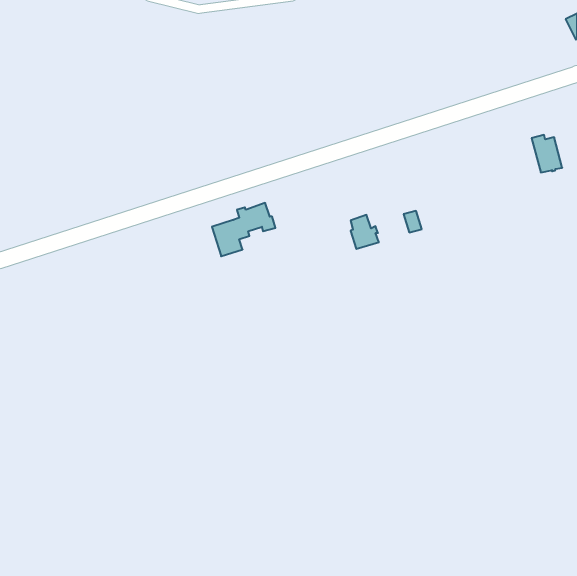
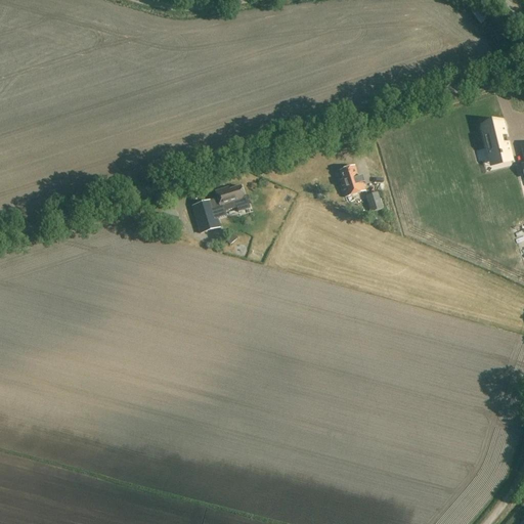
building: [351,215,379,249] -> [339,164,364,194]

